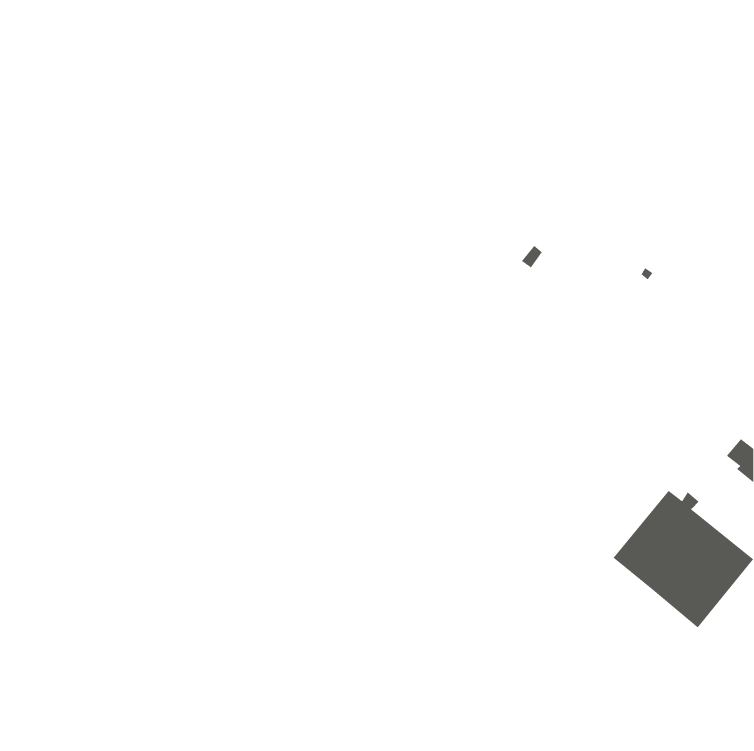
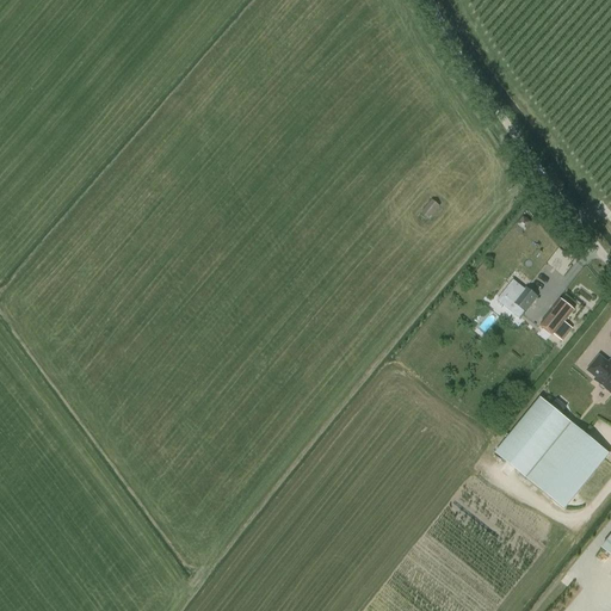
building: none -> [498,278,538,315]
building: none -> [541,298,573,339]

